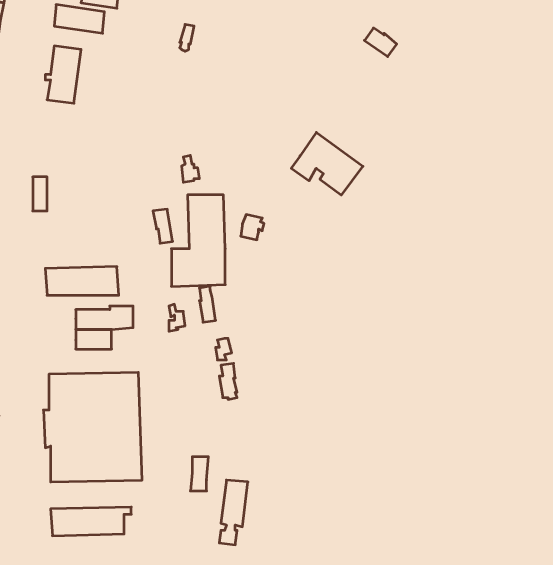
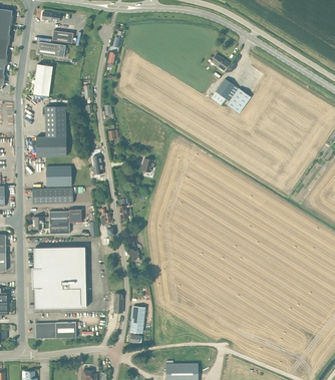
building: [291,132,363,195] -> [211,78,251,113]
building: [171,195,225,286] -> [36,106,66,157]
building: none -> [46,165,71,186]

